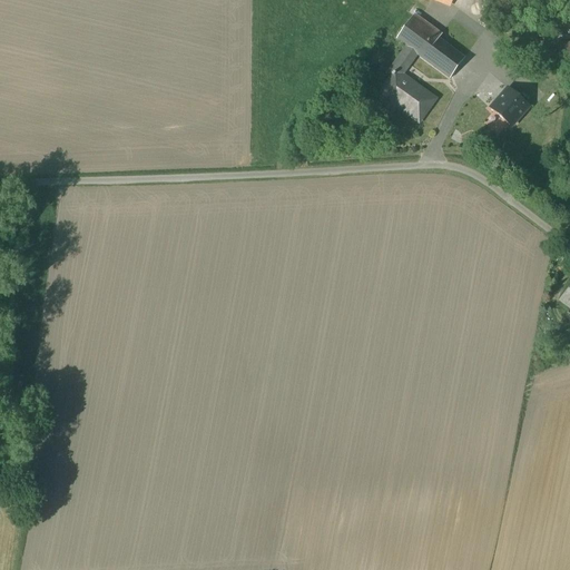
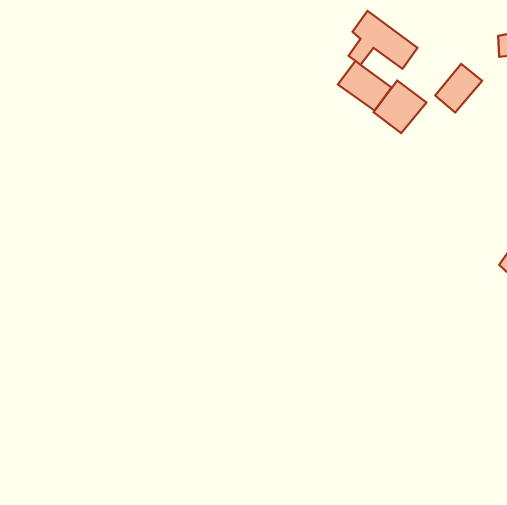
building: none -> [373,80,426,133]

